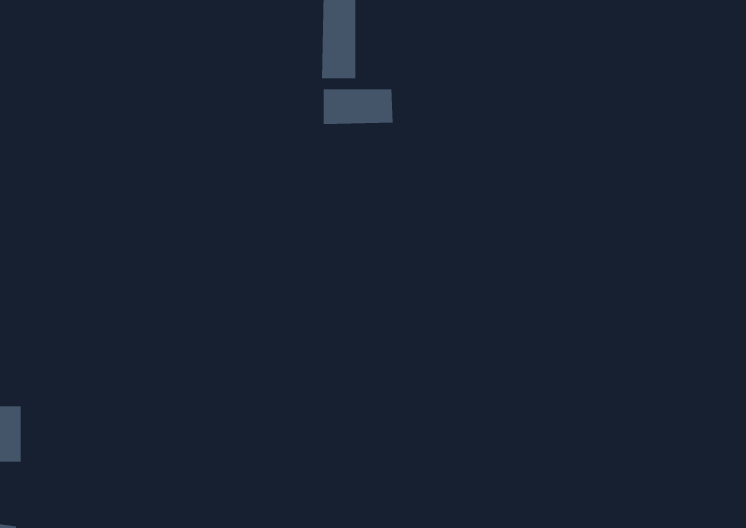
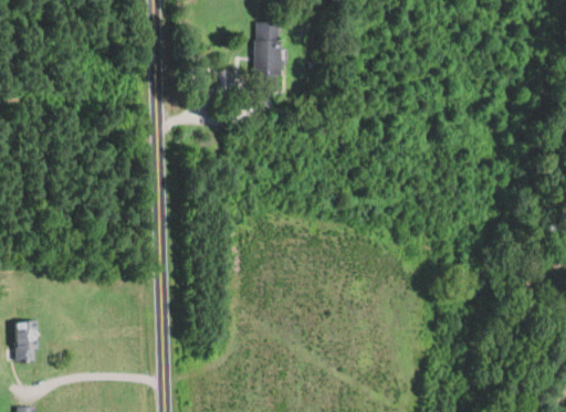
building: [323,88,393,125] -> none

